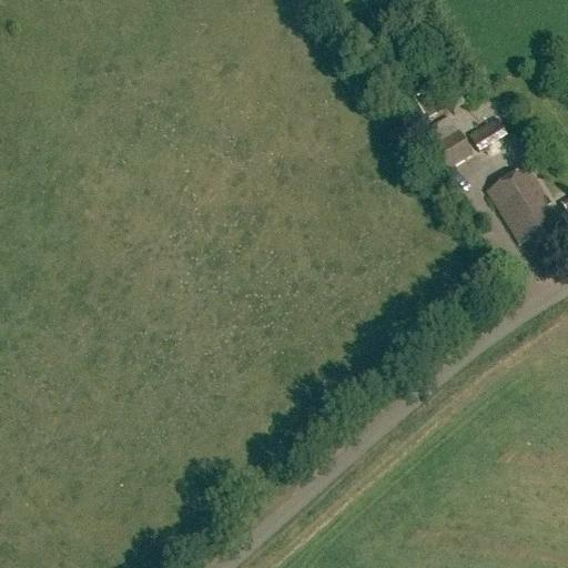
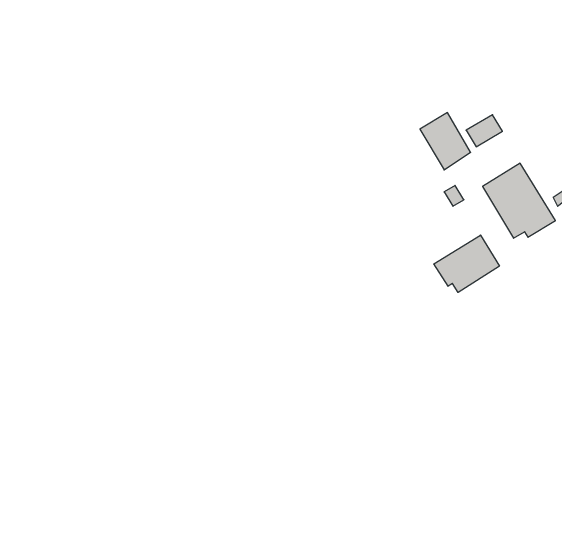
building: none -> [434,235,499,292]

